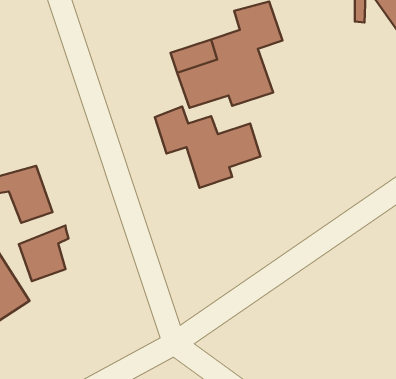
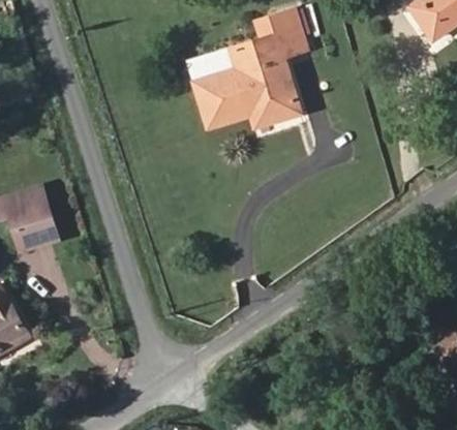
building: [155,106,260,188] -> none
building: [19,225,68,281] -> none

